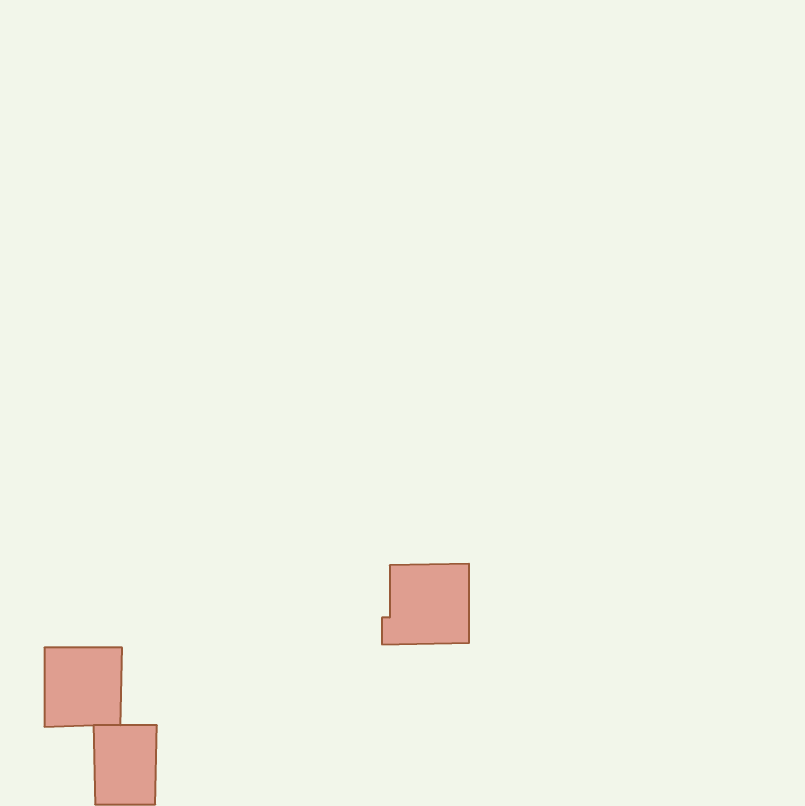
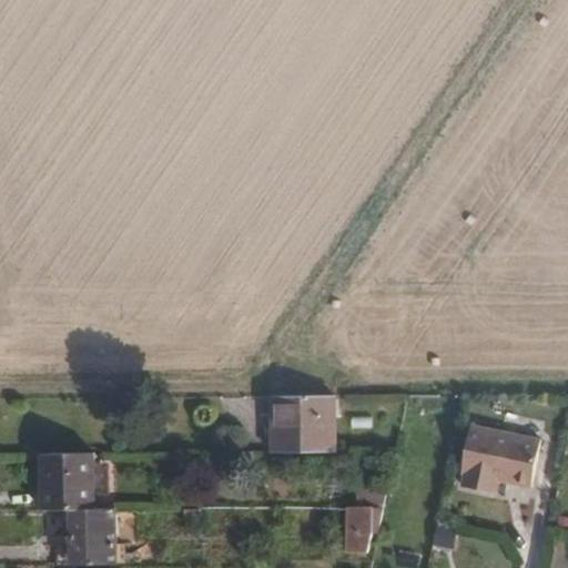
building: none -> [462,425,540,493]
building: none -> [347,508,373,555]

